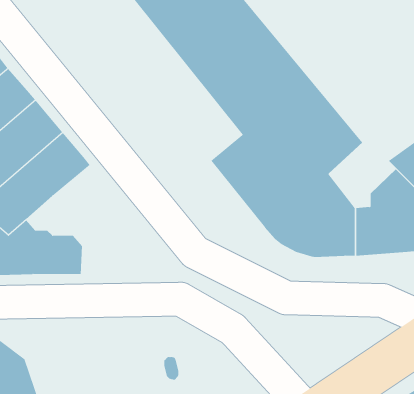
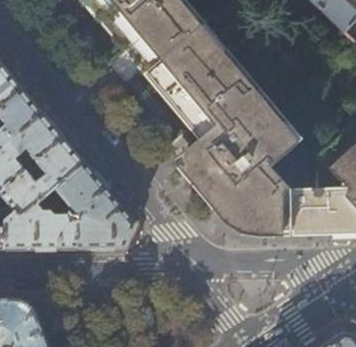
building: none -> [56,162,136,247]

